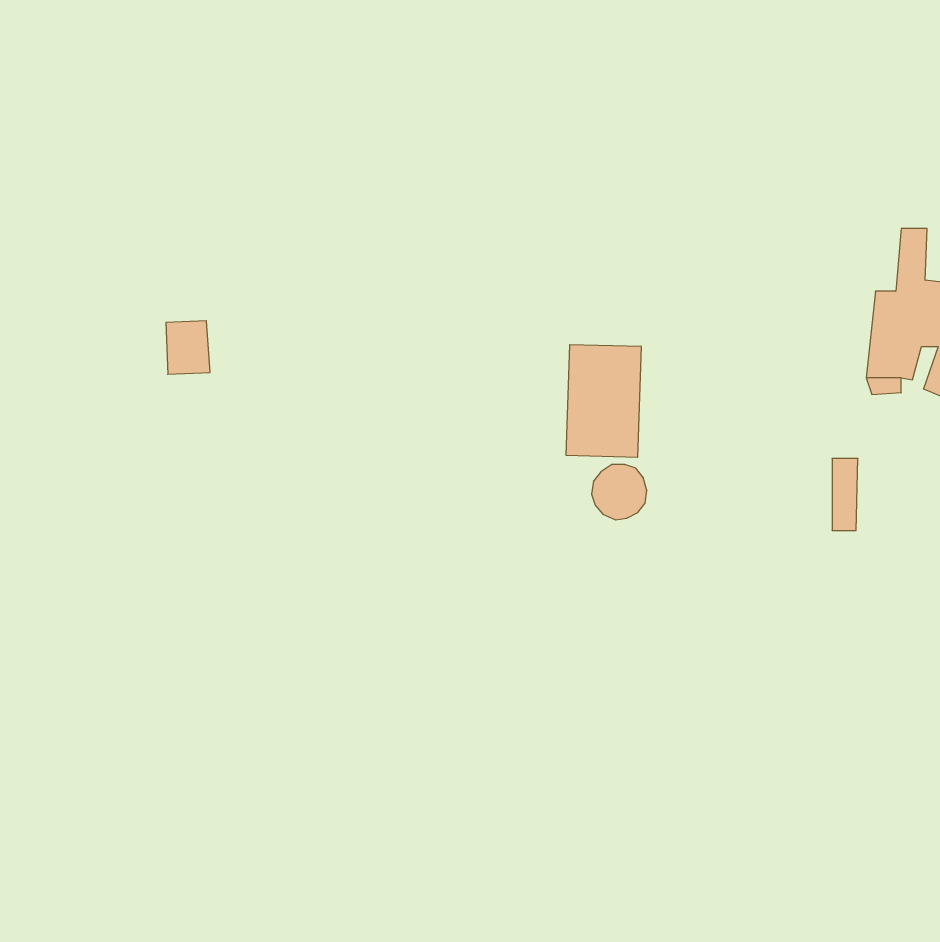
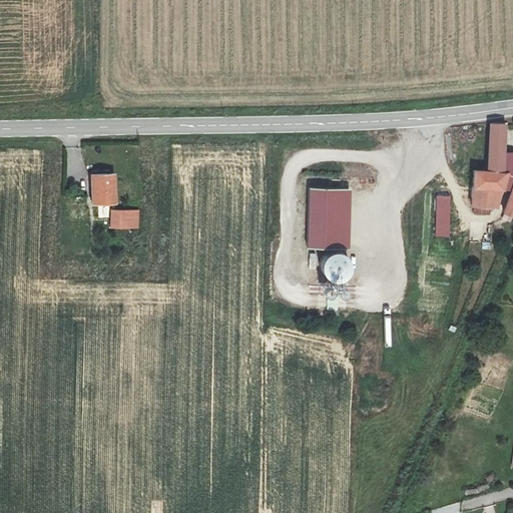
building: none -> [110,210,138,229]
building: [832,458,858,530] -> [437,197,451,236]

